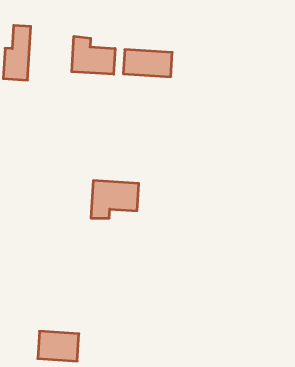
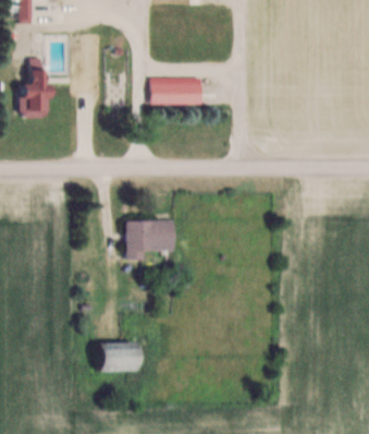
building: [72,36,115,74] -> none
building: [38,331,79,361] -> [99,342,142,372]

